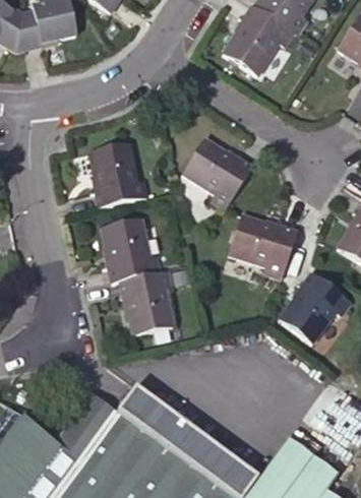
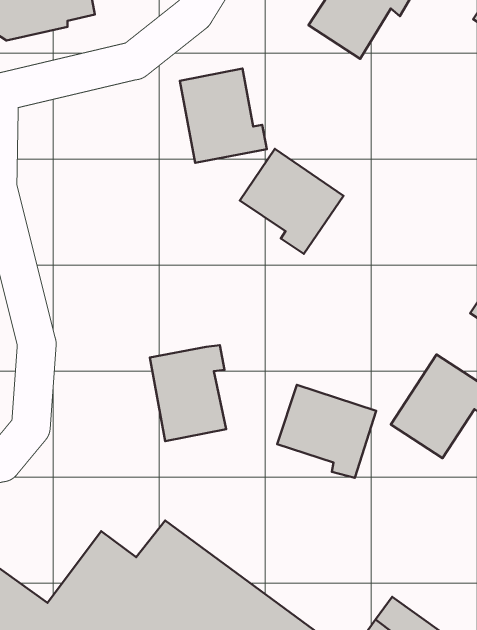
building: [91,139,148,202] -> [180,68,267,163]
building: [104,214,160,277] -> none
building: [229,216,295,278] -> [277,385,376,478]

